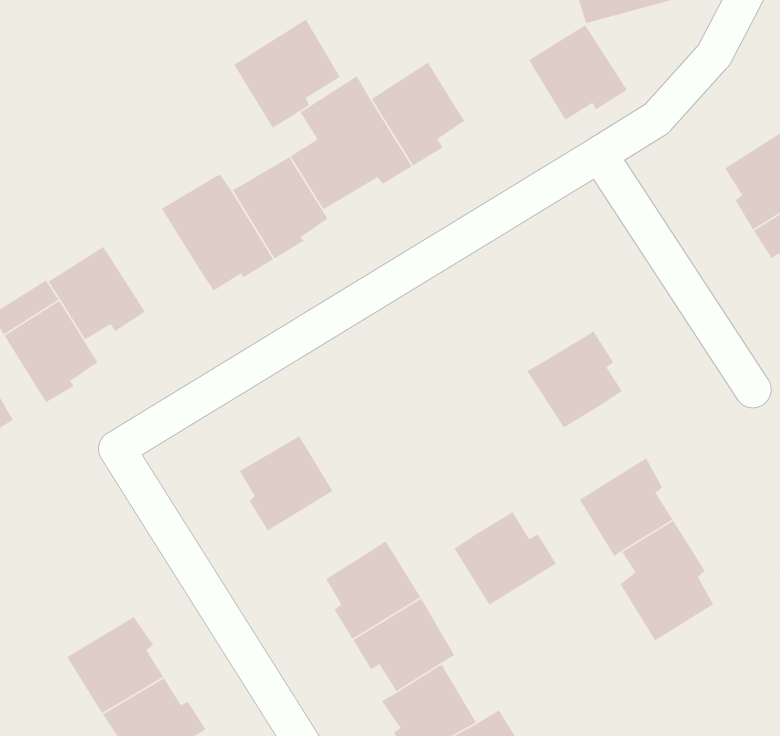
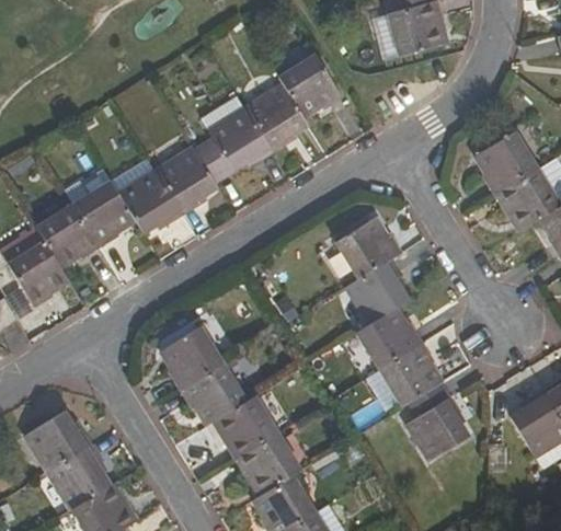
building: [233,19,341,129] -> none
building: [528,24,628,121] -> [278,55,343,117]
building: none -> [65,170,135,247]
building: none -> [336,218,403,278]
building: none -> [179,363,245,426]
building: [453,511,557,606] -> [357,308,424,369]
building: none -> [25,411,92,471]

